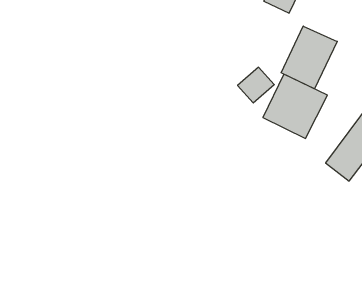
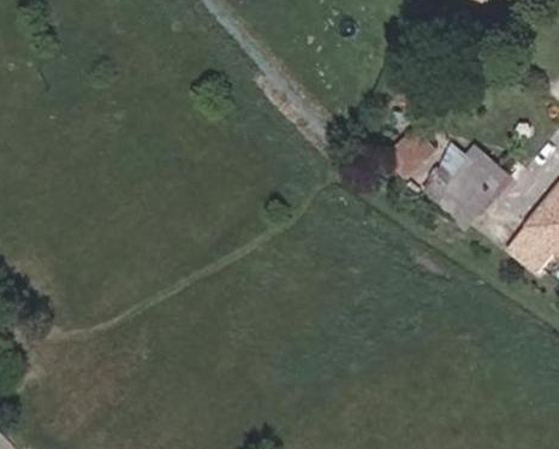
building: [281,26,337,89] -> none

